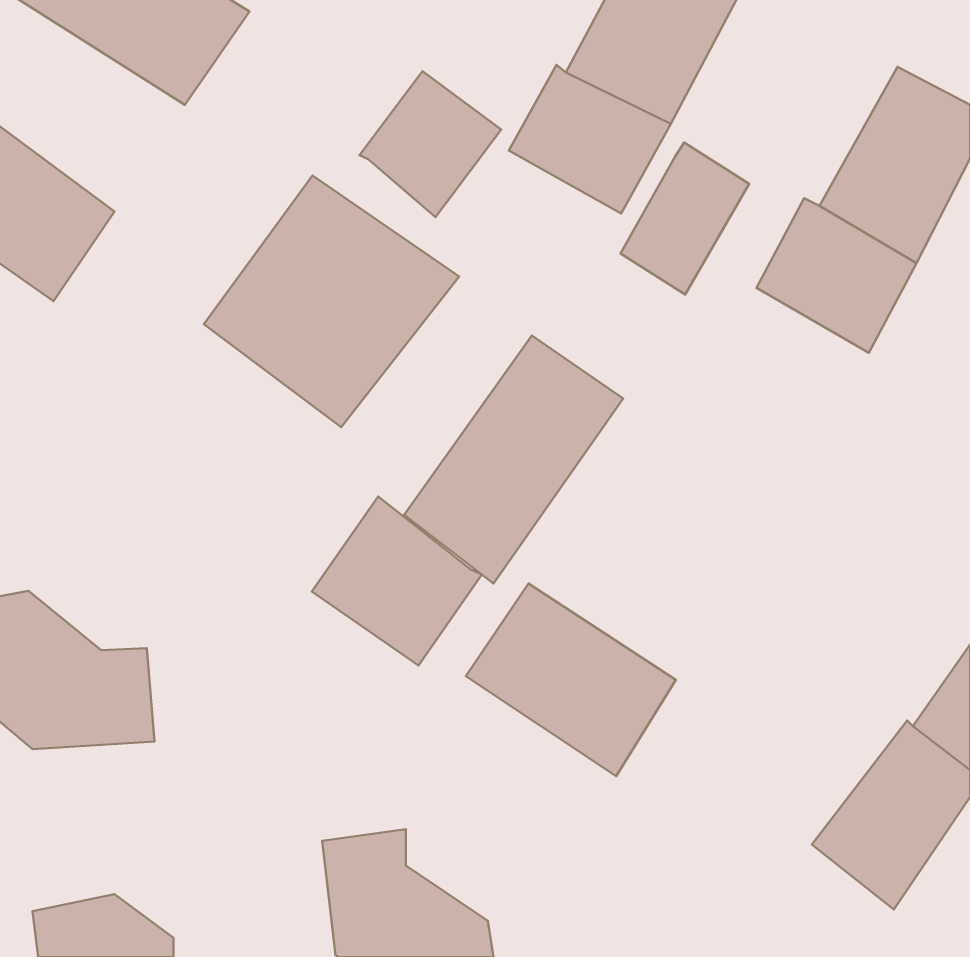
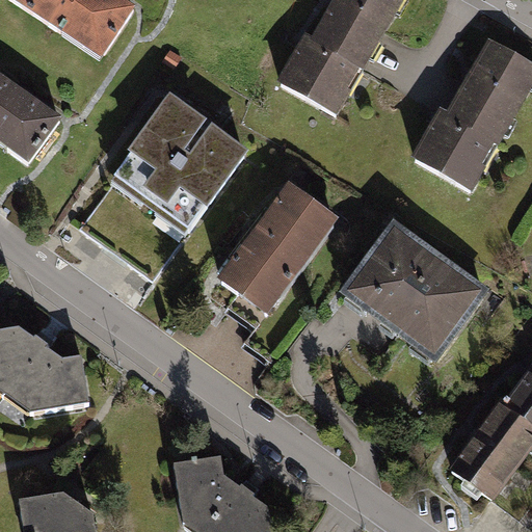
building: [359,71,501,217] -> none
building: [620,142,749,295] -> none
building: none -> [339,220,490,364]
building: [312,497,482,665] -> none
building: [466,584,676,776] -> none

